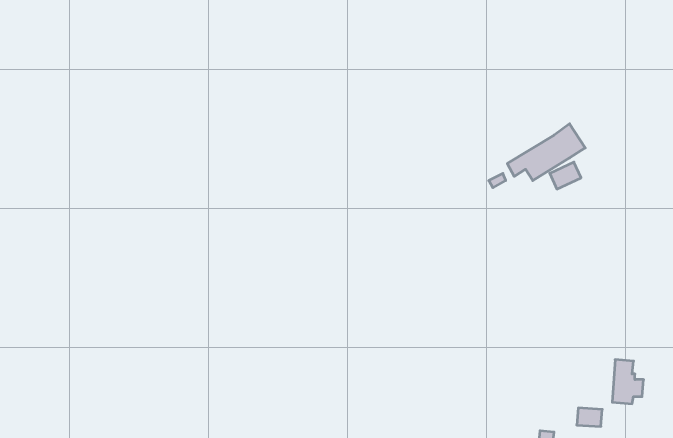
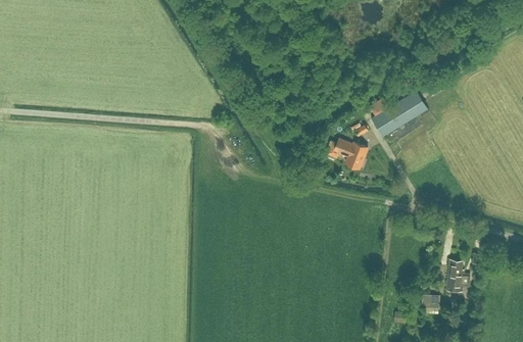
building: none -> [333,139,367,169]

